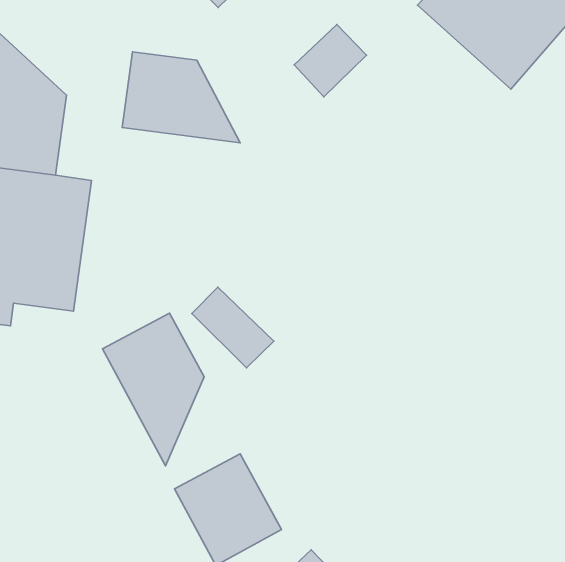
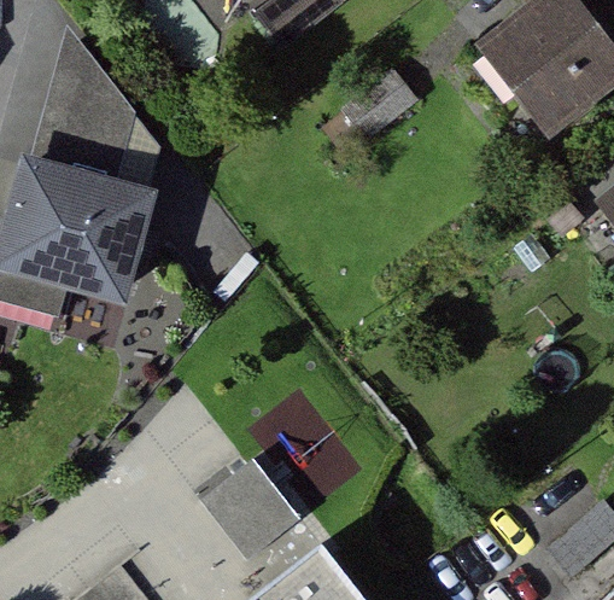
building: [122,52,240,143] -> none
building: [102,313,204,466] -> none

